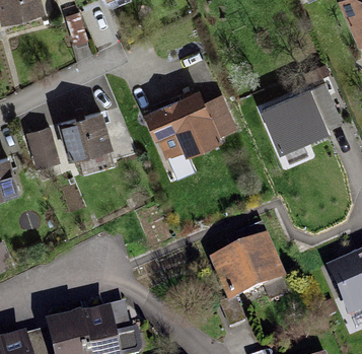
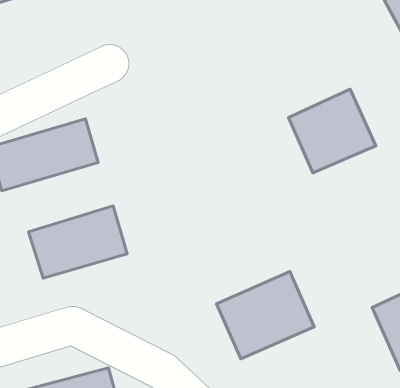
building: [133,89,237,157] -> none
building: none -> [29,206,127,278]

